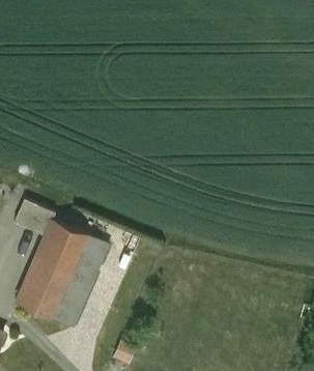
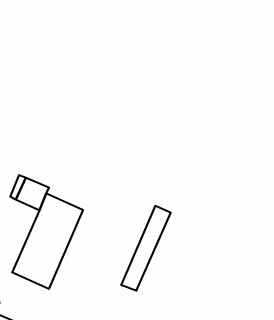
building: [56,236,109,326] -> [121,206,171,291]

